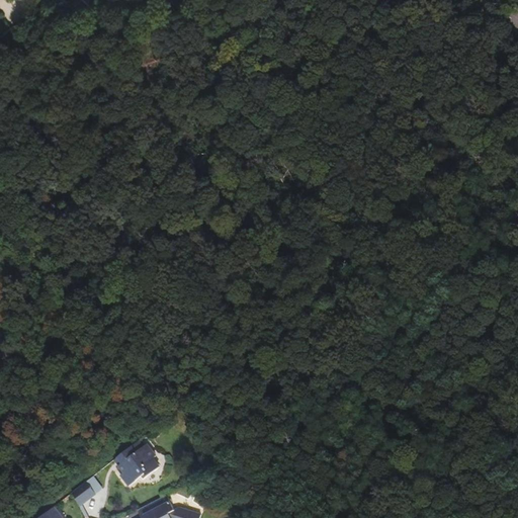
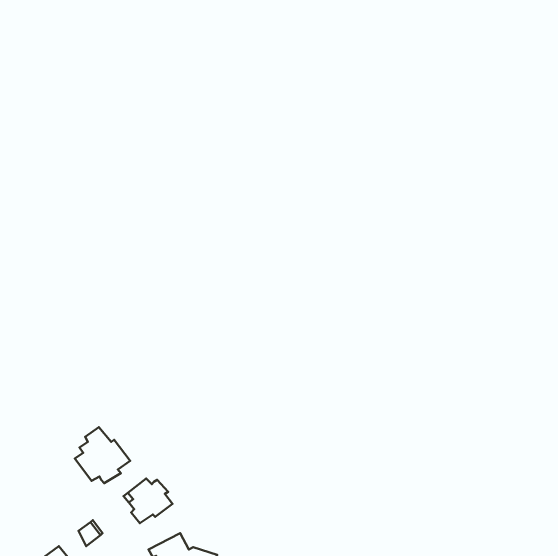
building: none -> [75,427,130,483]

